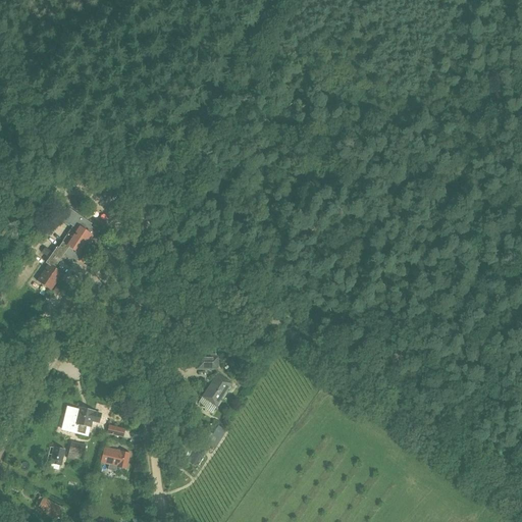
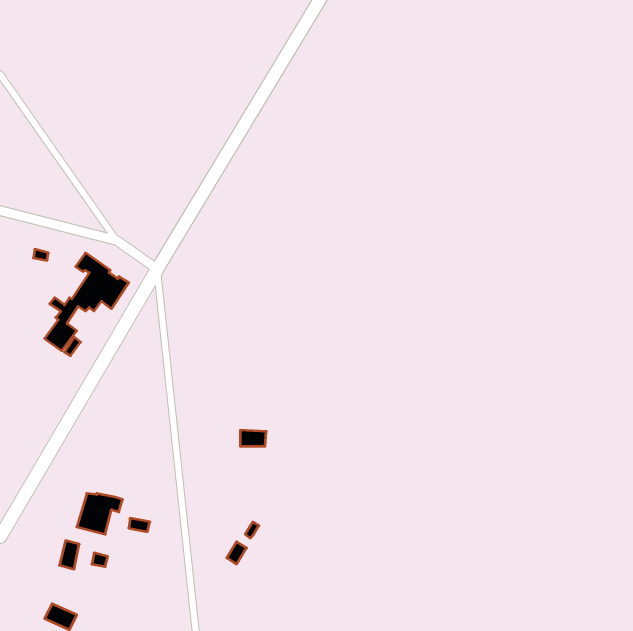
building: [203,372,231,404] -> none
building: [101,449,129,469] -> none

